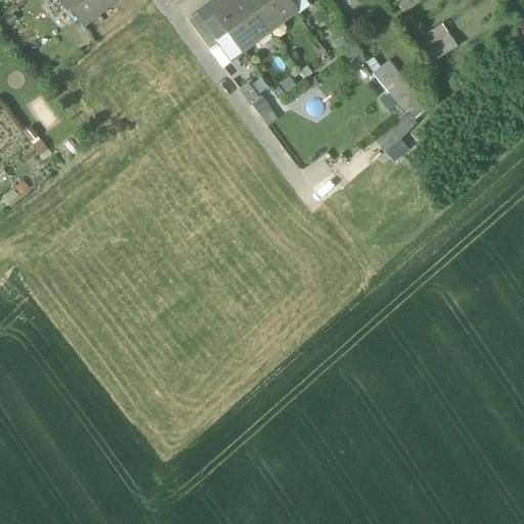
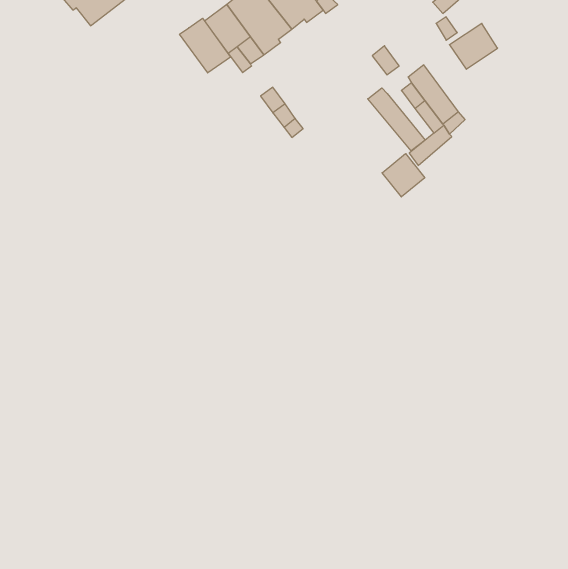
building: none -> [180,18,231,73]
building: none -> [368,88,425,151]
building: none -> [382,154,425,197]

